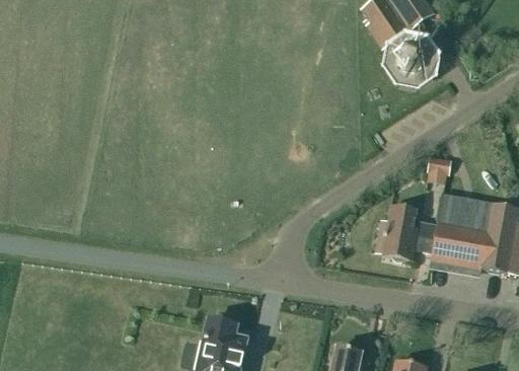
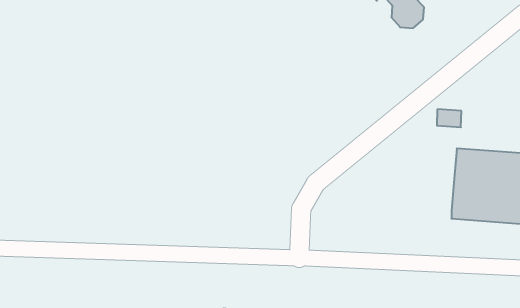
building: [376,207,438,261] -> none

